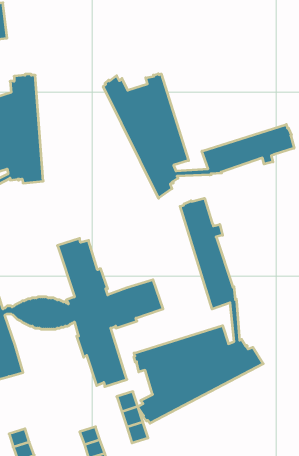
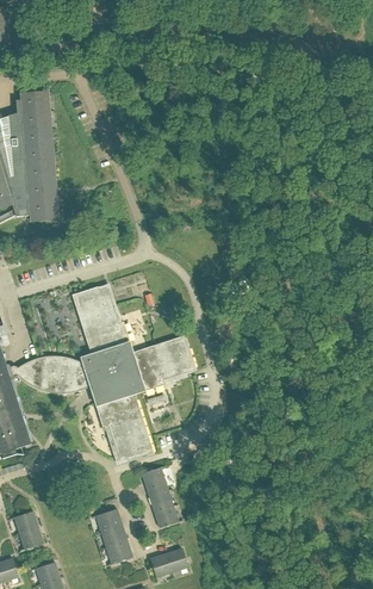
building: [103,74,294,198] -> none
building: [134,198,263,423] -> none

